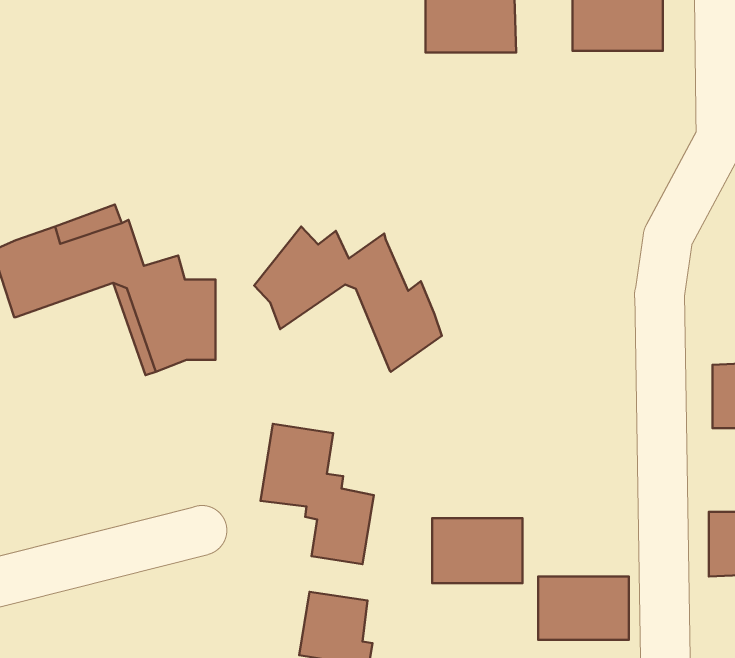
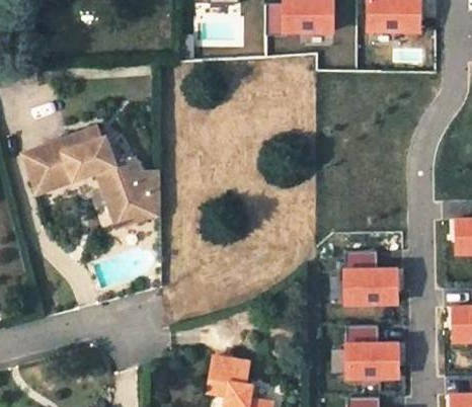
building: [254,226,442,372] -> none
building: [261,424,374,564] -> none
building: [432,518,523,583] -> [347,269,401,308]

